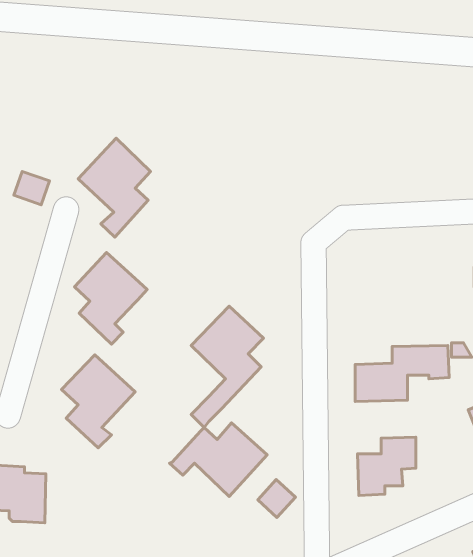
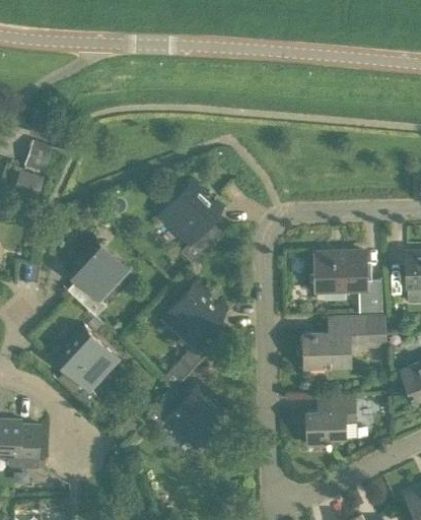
building: none -> [24,140,52,172]
building: [78,138,151,237] -> [160,180,222,264]
building: none -> [314,253,380,312]
building: [258,480,295,517] -> none

